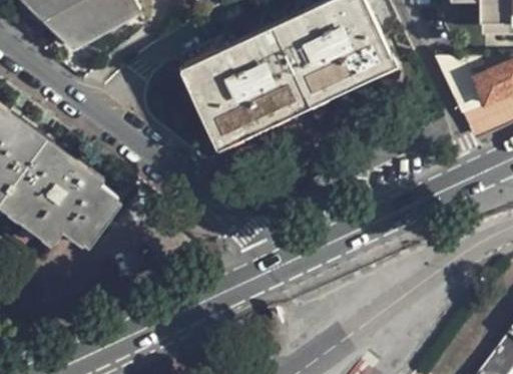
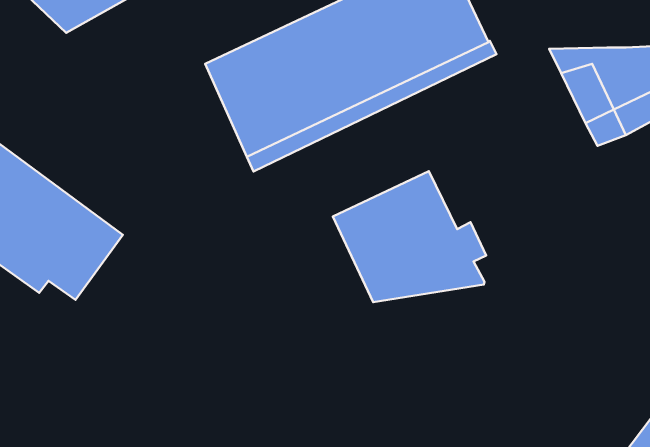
building: none -> [333,171,486,302]

